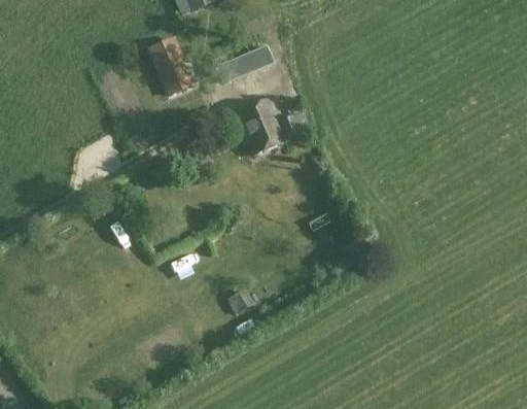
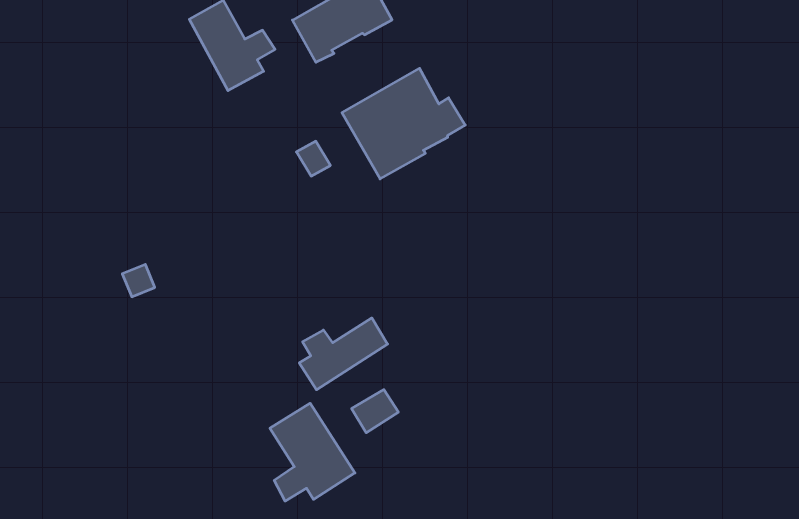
building: none -> [299,318,388,390]
building: none -> [270,403,355,501]

